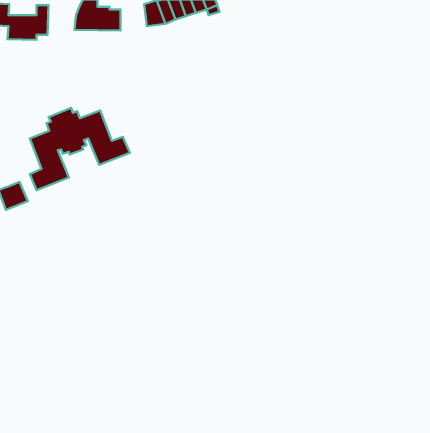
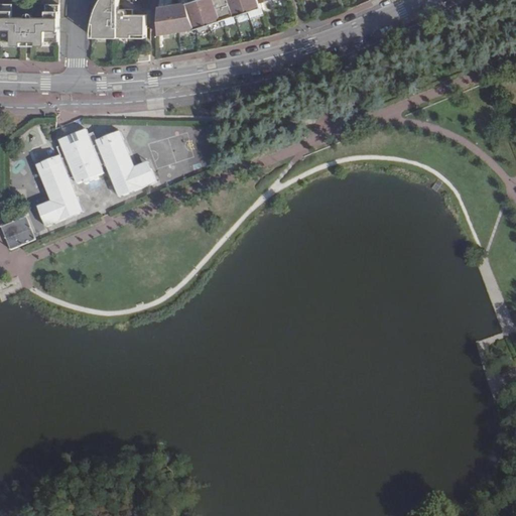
building: none -> [155,5,174,35]

